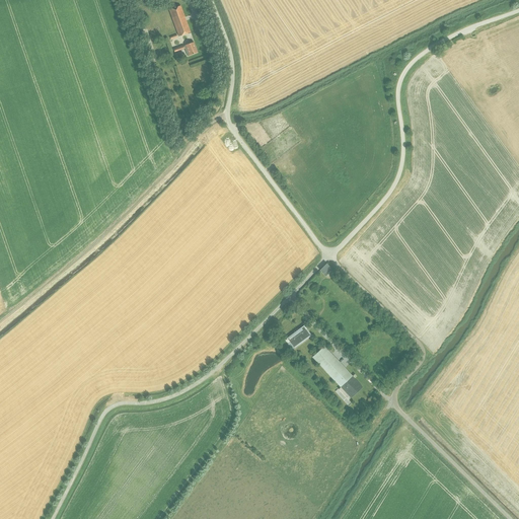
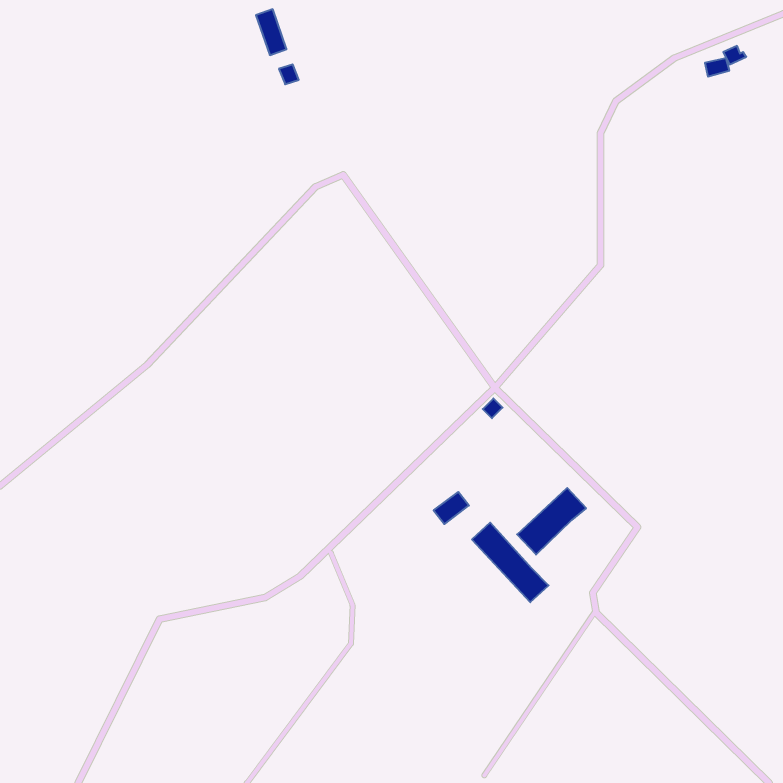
building: none -> [517,488,586,555]

